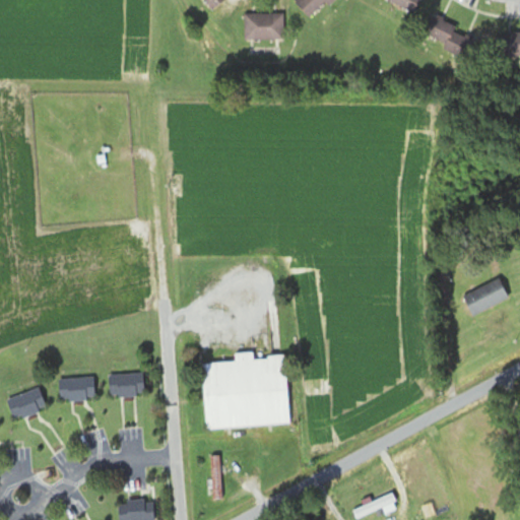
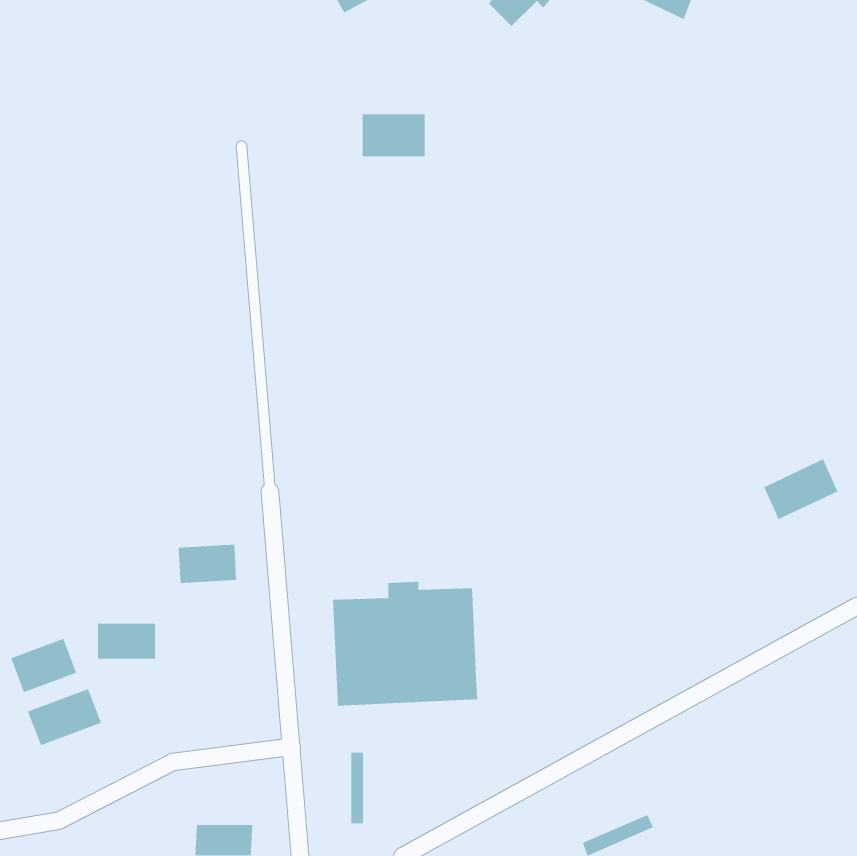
building: [245,13,283,40] -> [362,113,426,157]
building: [426,17,473,56] -> none
building: [109,372,144,396] -> [178,544,237,584]
building: none -> [27,688,102,746]

